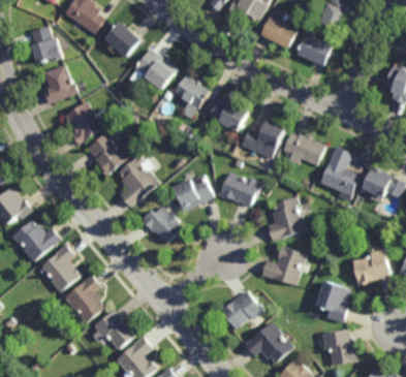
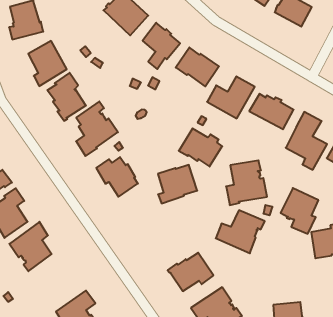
building: [175,174,214,213] -> [158,165,197,203]
building: [315,280,350,322] -> [281,188,318,234]
building: [91,310,137,350] -> none

